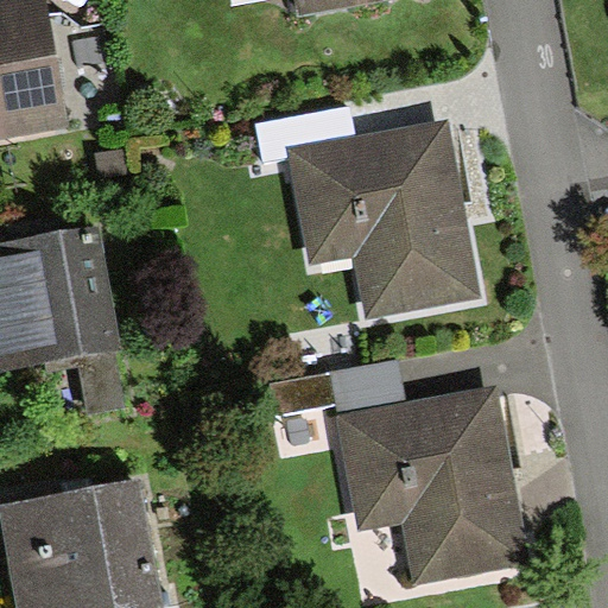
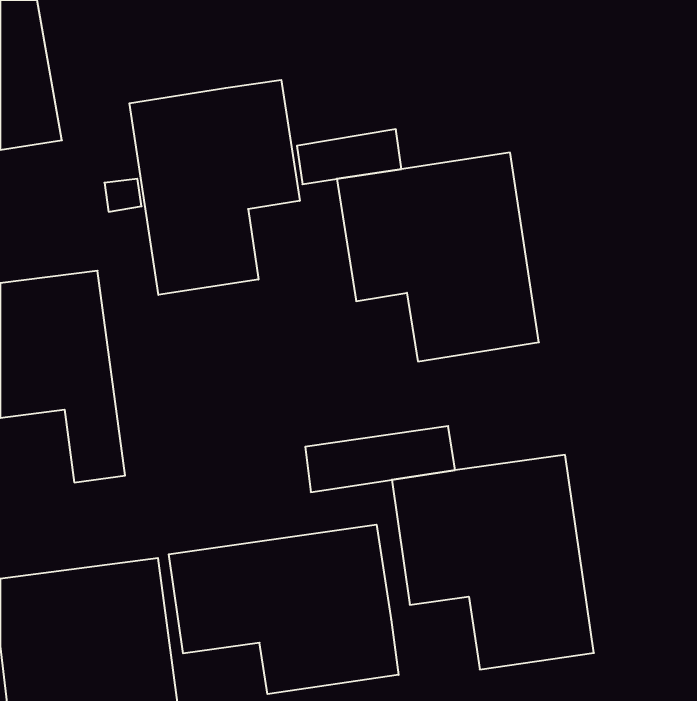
building: none -> [129,80,300,295]
building: none -> [169,525,399,694]

